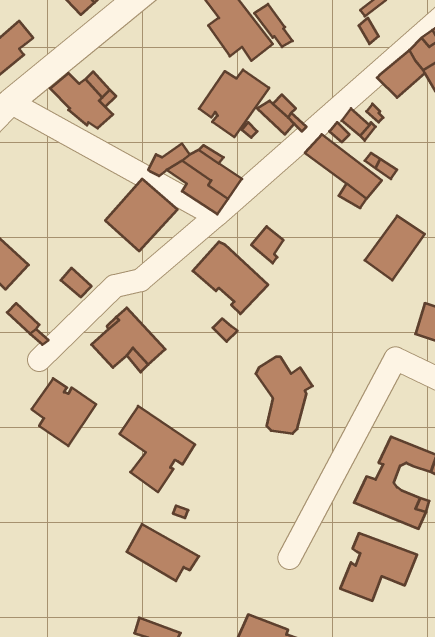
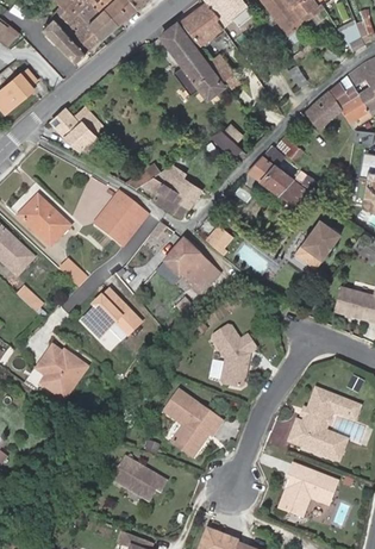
building: [199,70,269,137] -> none
building: none -> [19,195,69,244]
building: [120,406,195,492] -> [163,391,221,457]

